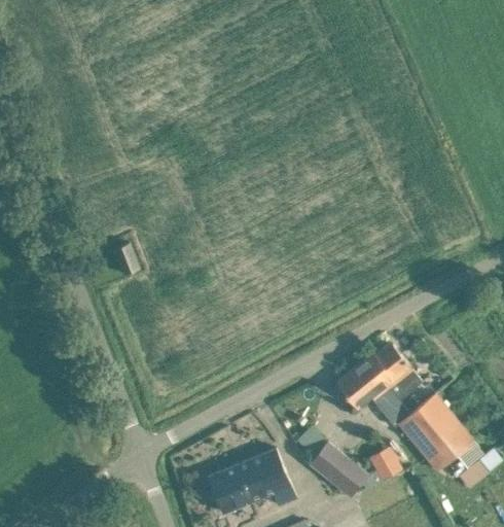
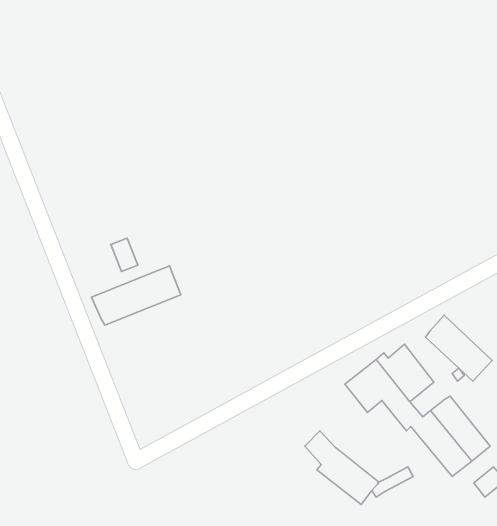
building: none -> [92,266,181,325]
building: none -> [425,315,492,381]
building: [209,450,294,512] -> none

